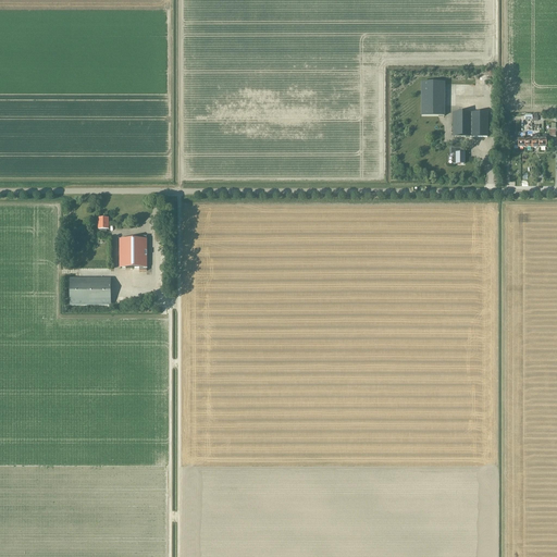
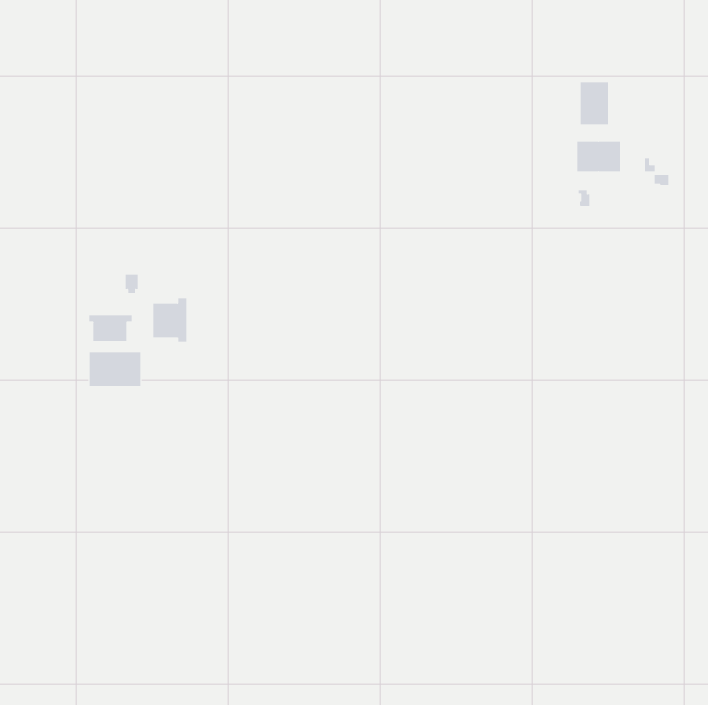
building: [421,81,444,114] -> [580,82,609,125]
building: none -> [89,315,132,342]

